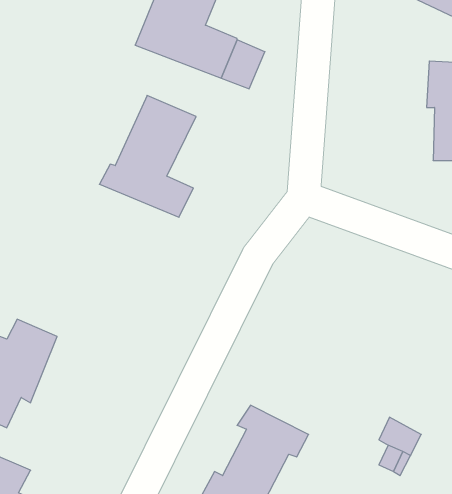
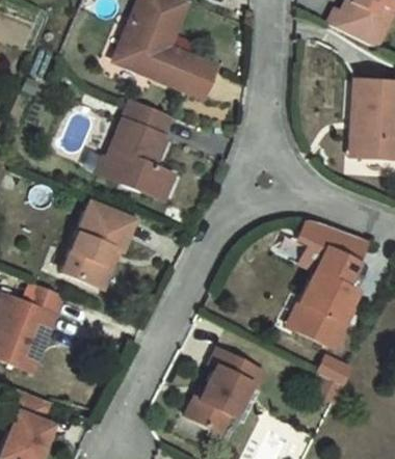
building: none -> [57,194,134,285]
building: none -> [294,226,366,353]

